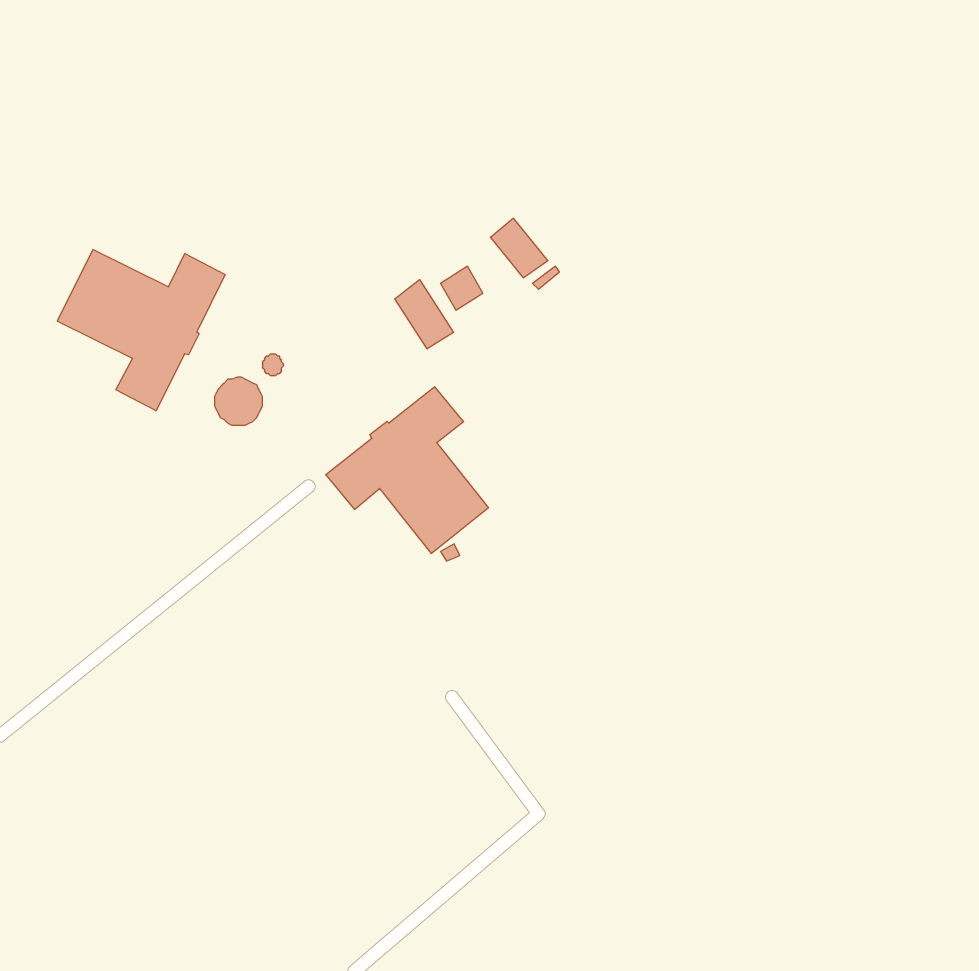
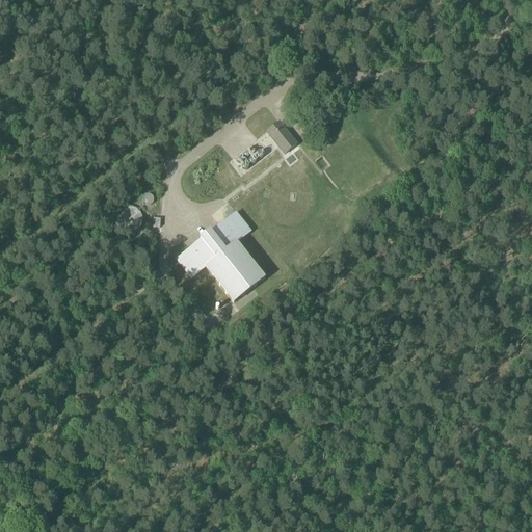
building: [57,249,225,411] -> none
building: [395,280,453,349] -> none

